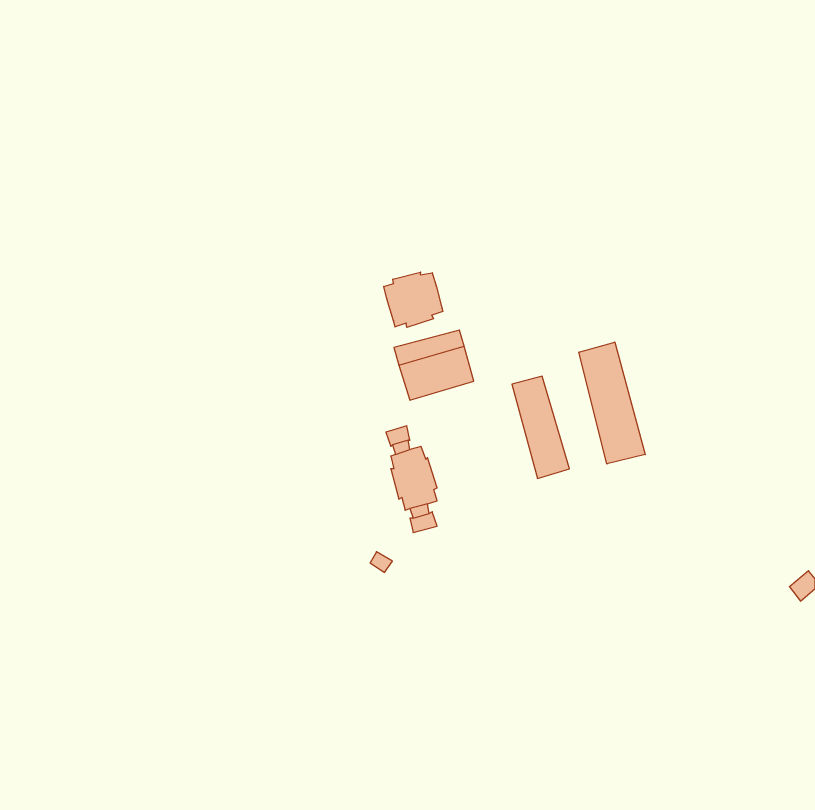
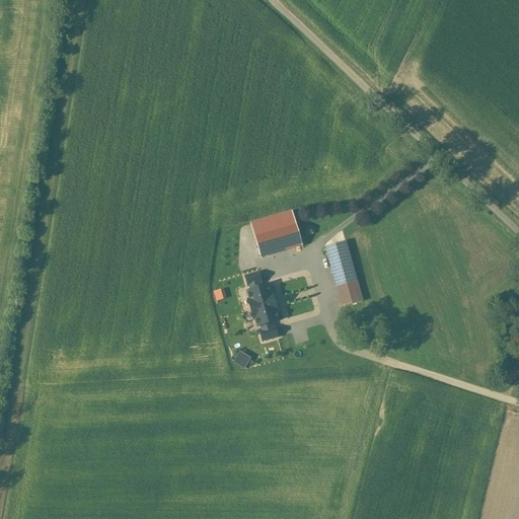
building: [384,272,443,327] -> none
building: [579,342,645,464] -> none

